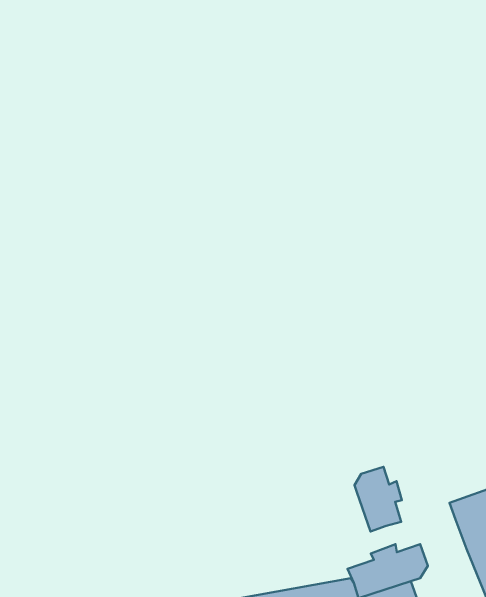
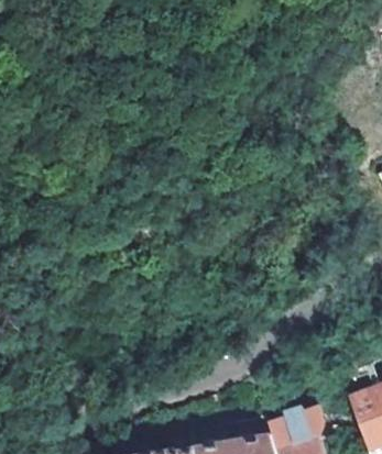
building: [355,467,402,531] -> none

